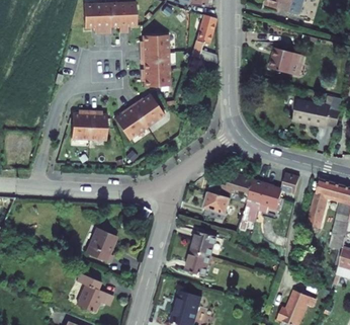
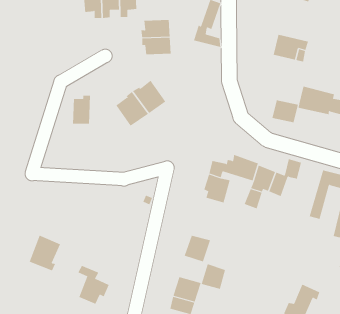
building: [141,68,170,86] -> none
building: [90,108,108,138] -> none
building: none -> [272,99,298,123]
building: [189,225,213,250] -> [201,264,226,289]
building: [88,228,119,263] -> [29,235,61,271]

